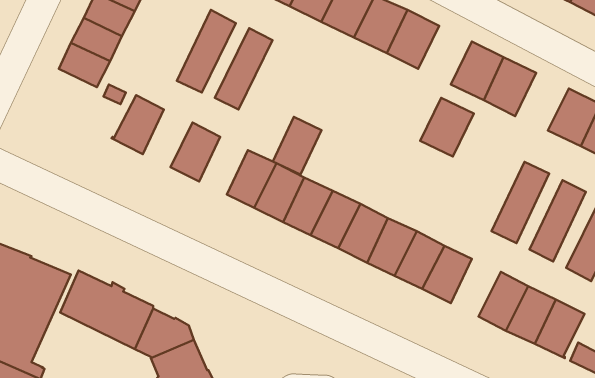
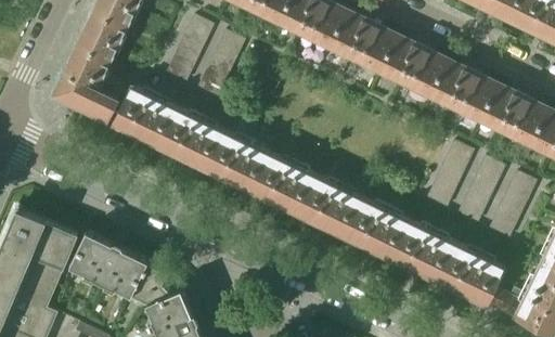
building: none -> [56,64,116,120]
building: none -> [446,67,490,115]
building: [420,98,474,157] -> [365,28,410,77]
building: none -> [138,98,179,145]
building: [273,117,321,175] -> [184,120,224,168]
building: none -> [392,221,434,269]

